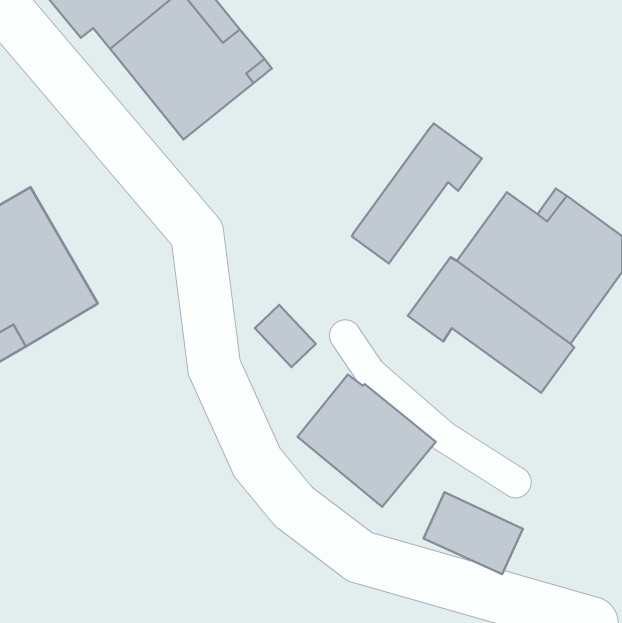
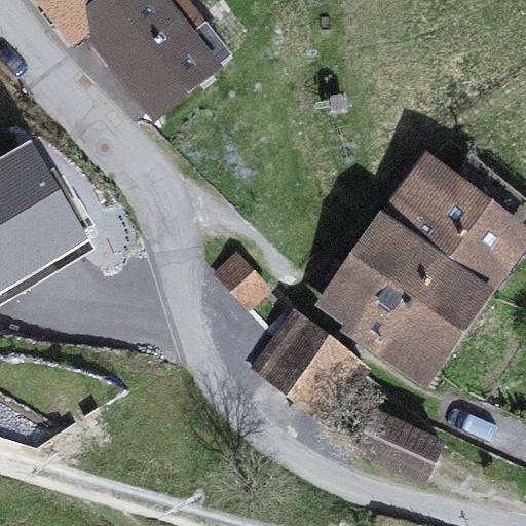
building: [352,124,482,263] -> none
building: none -> [321,265,454,379]

